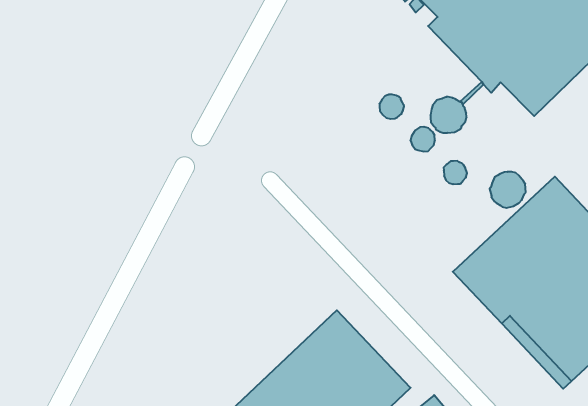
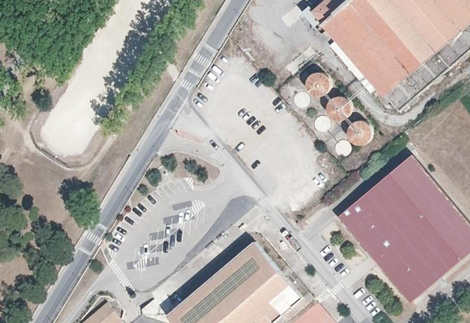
building: none -> [307,71,331,95]
building: [490,172,526,208] -> [348,120,373,145]

